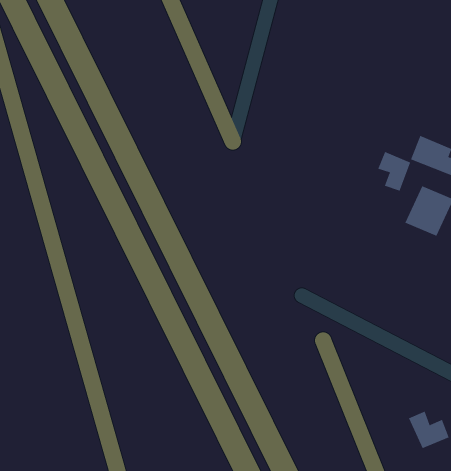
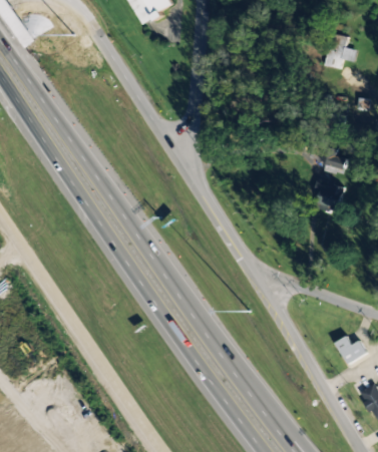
building: [377,151,411,191] -> none

